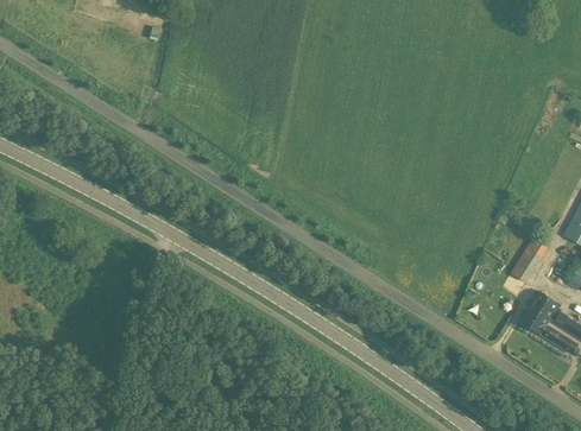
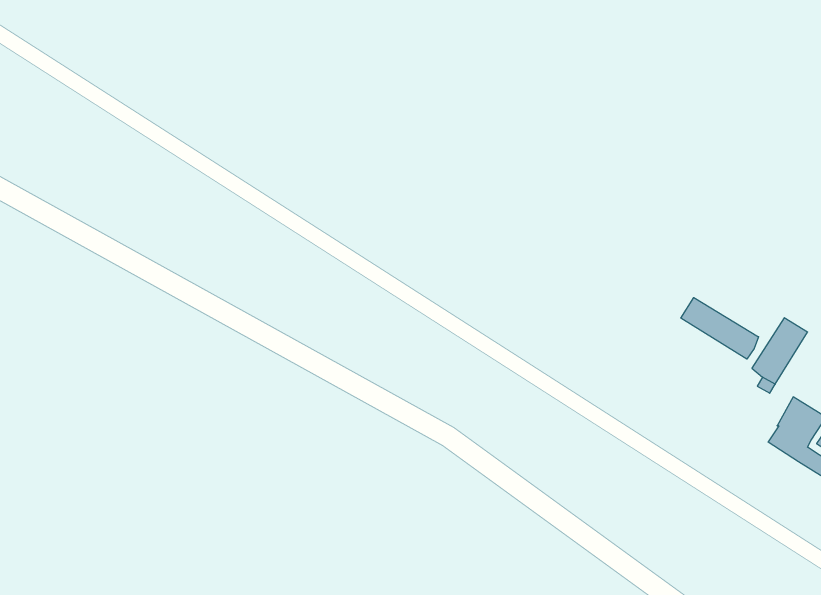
building: none -> [681,298,759,359]

